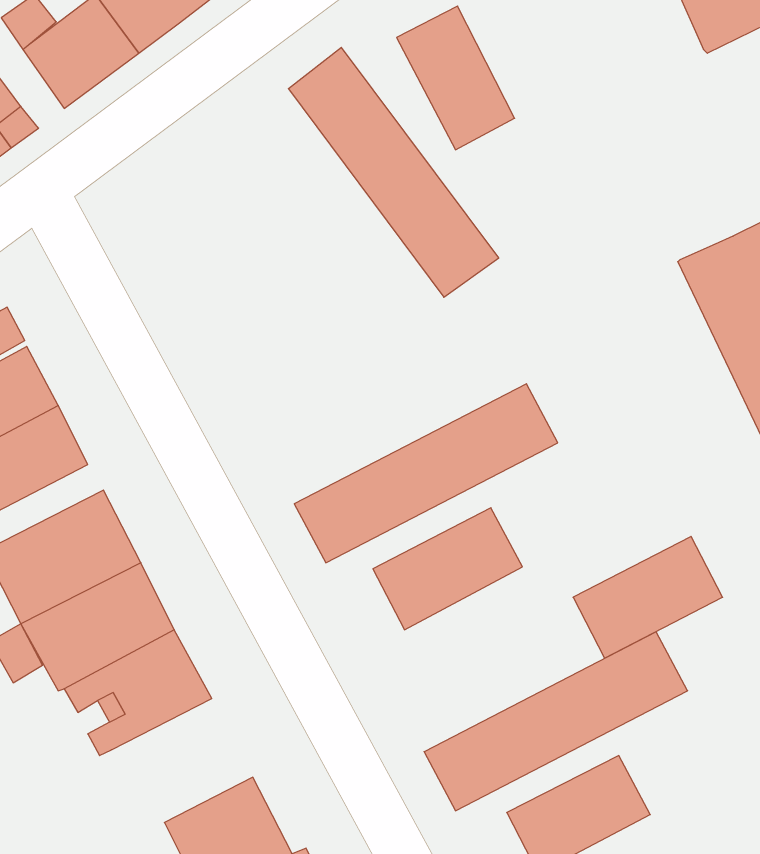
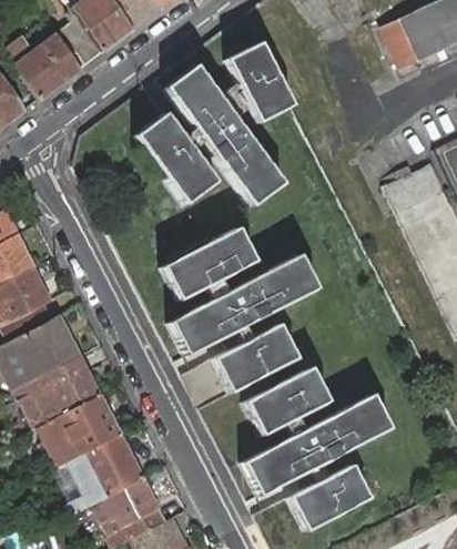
building: none -> [136,113,219,204]
building: none -> [163,227,256,301]
building: [573,536,723,658] -> [245,367,329,436]
building: none -> [67,433,146,514]

